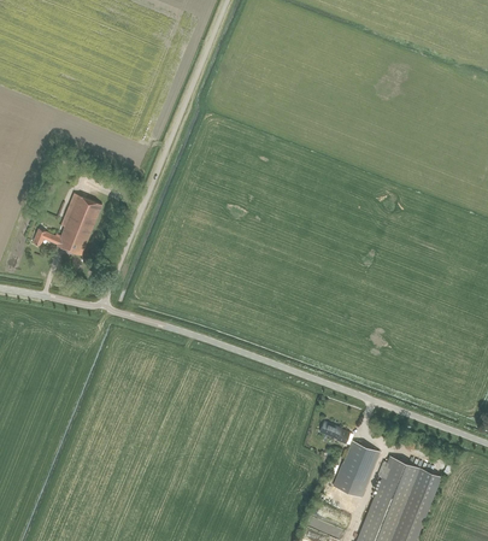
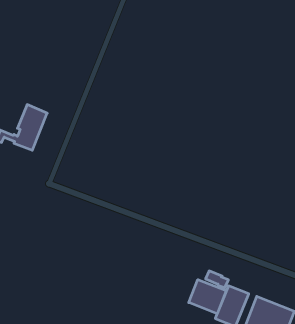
building: none -> [189,280,226,314]

